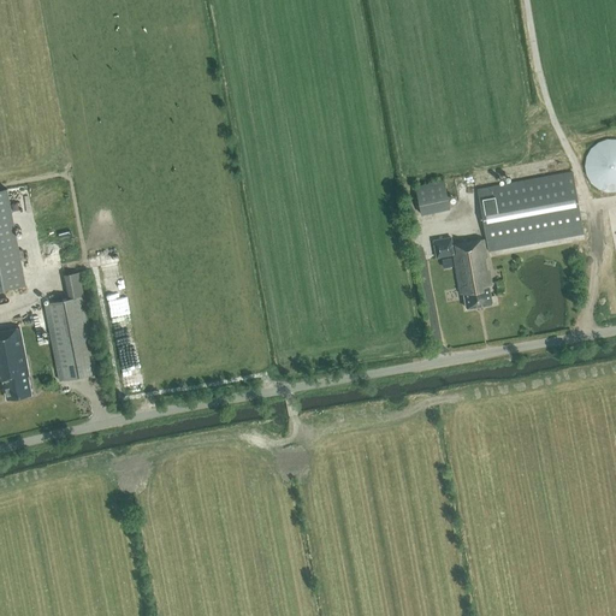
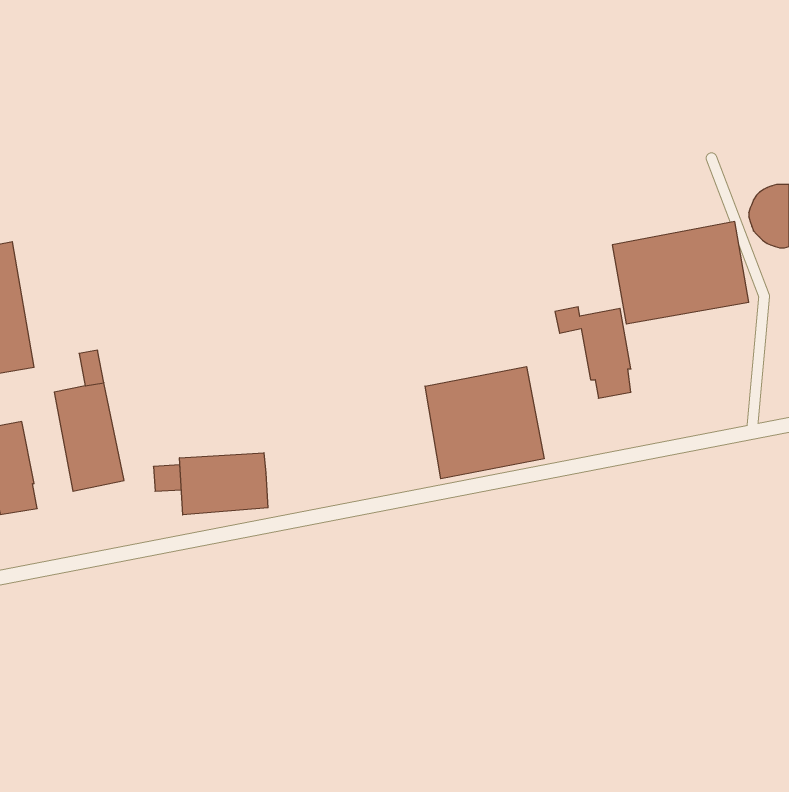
building: [415,179,452,213] -> none
building: none -> [425,367,544,479]
building: none -> [180,453,268,515]

